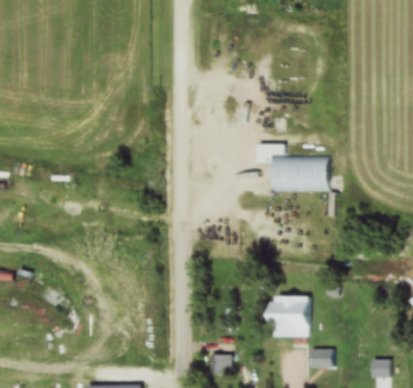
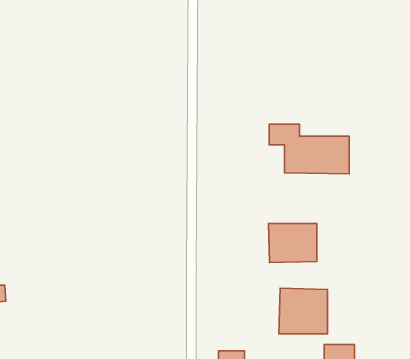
building: none -> [268,224,317,263]

